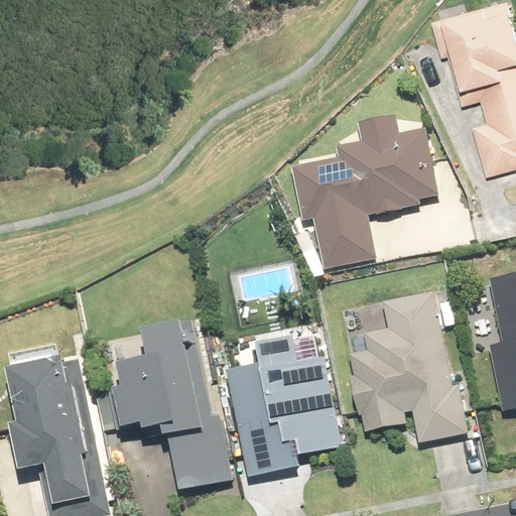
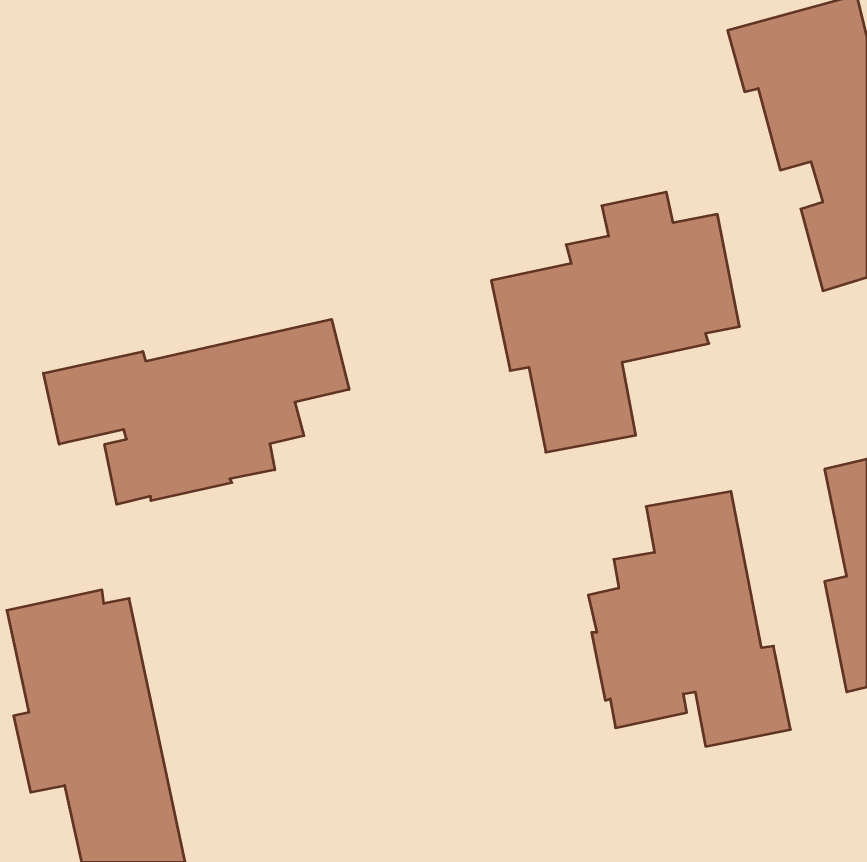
building: none -> [43,319,349,504]
building: [112,319,234,491] -> none
building: [226,335,343,477] -> none

